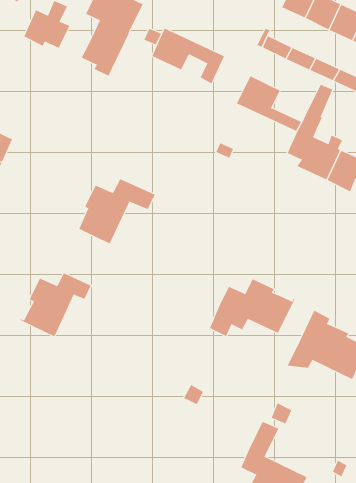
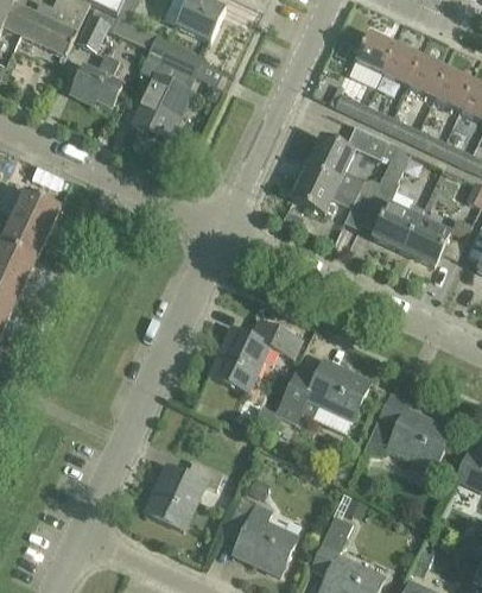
building: [151,28,225,84] -> [291,166,372,228]
building: none -> [349,127,398,159]
building: [75,178,156,244] -> [209,320,298,392]
building: [19,272,91,337] -> [144,459,223,530]
building: none -> [223,496,298,575]

